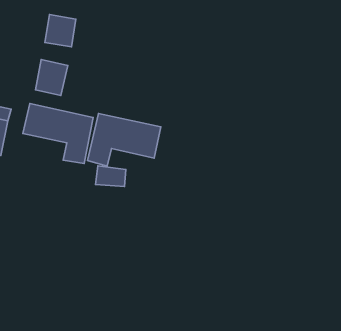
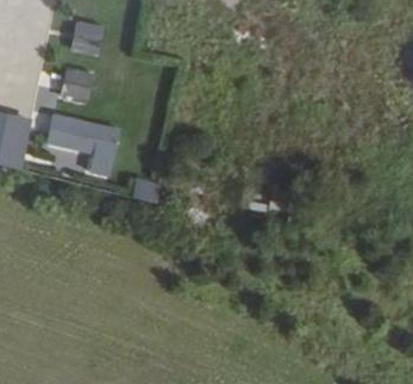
building: [87,113,161,166] -> none

